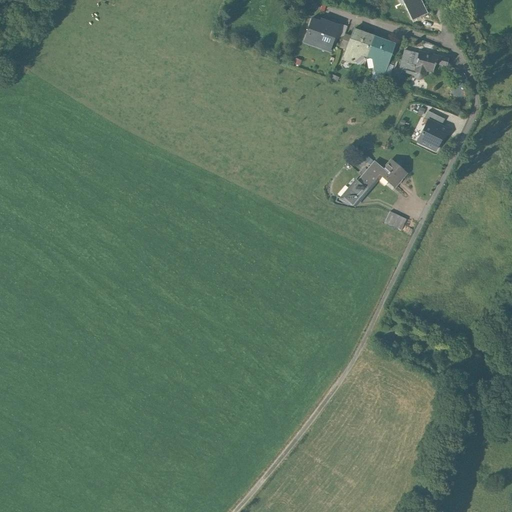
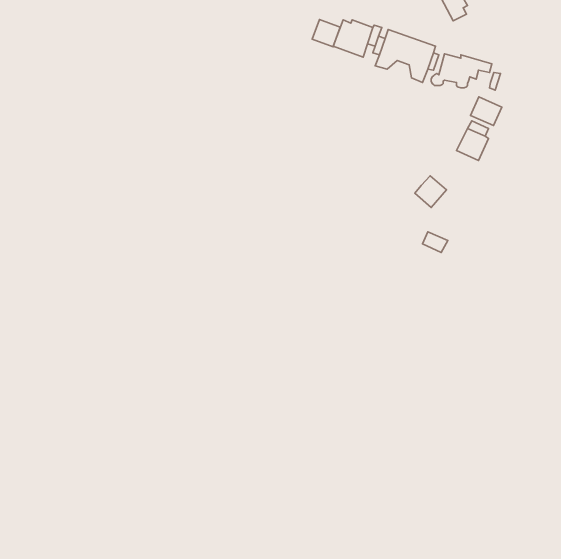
building: none -> [312,19,340,47]
building: none -> [470,97,502,126]
building: [340,160,384,207] -> none

